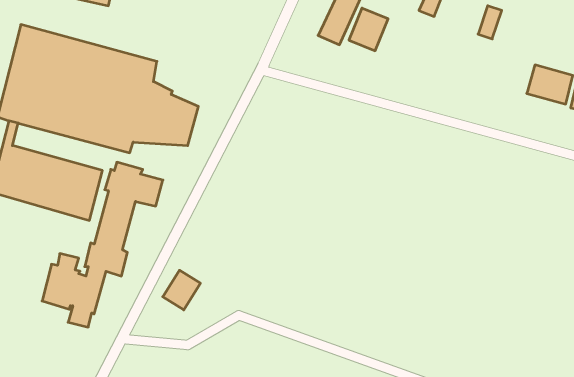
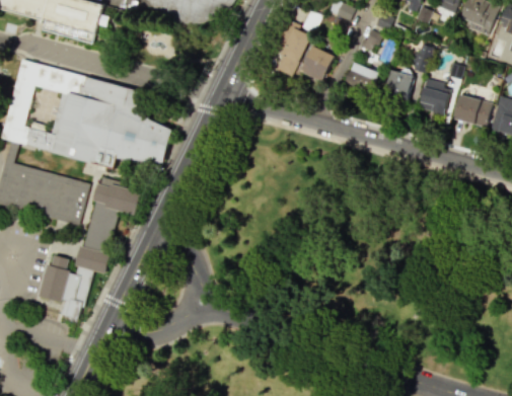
building: none -> [345,63,378,93]
building: none -> [383,70,414,100]
building: none -> [419,80,449,113]
building: [163,270,200,310] -> none

